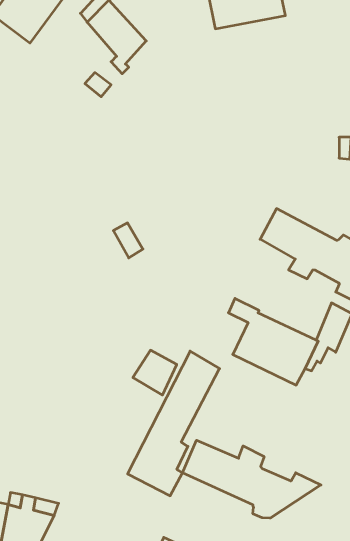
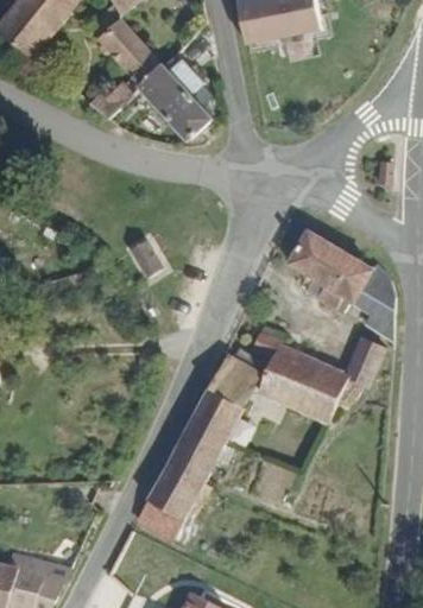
building: none -> [139,48,217,134]
building: [133,350,177,395] -> [209,359,257,407]
building: [182,440,321,518] -> none

